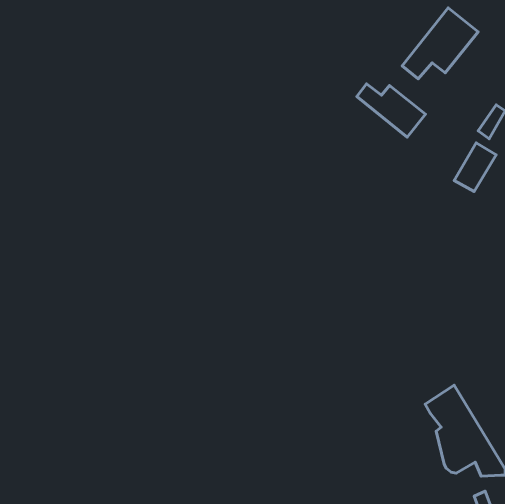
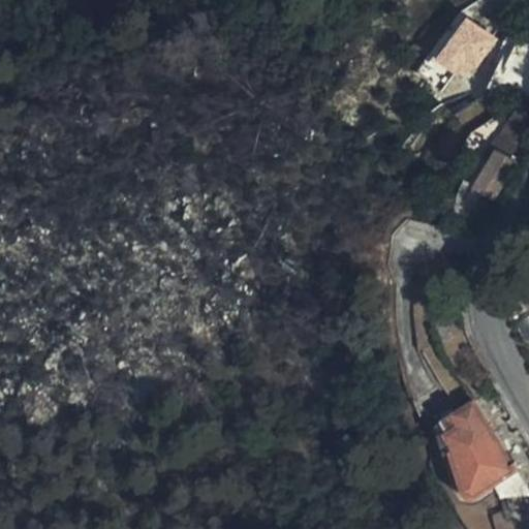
building: [357,84,426,137] -> none

